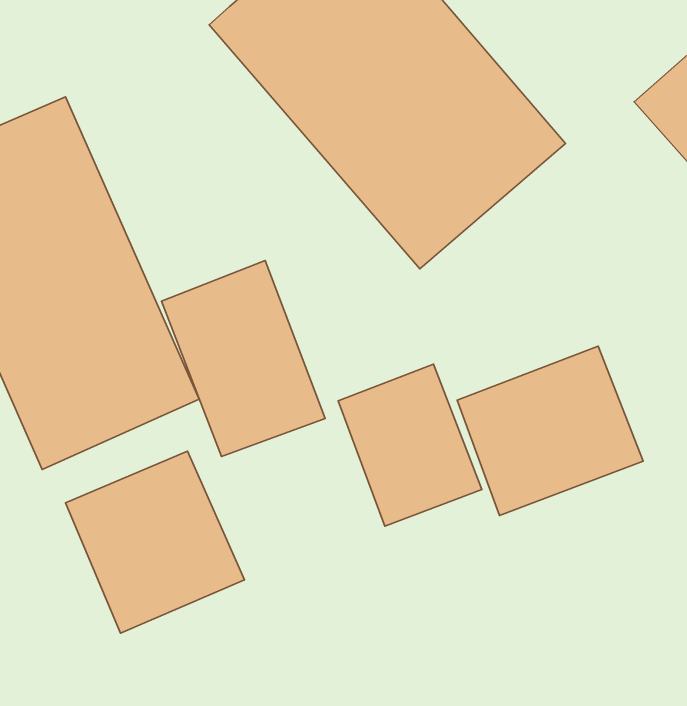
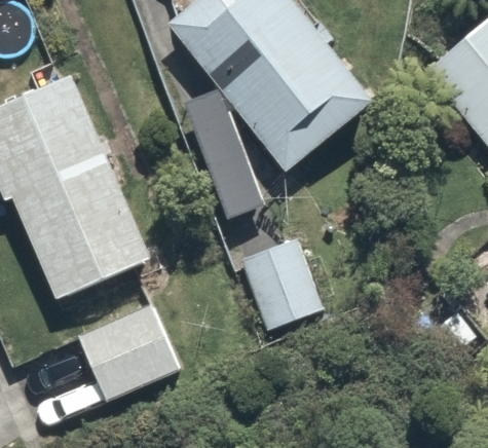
building: [162,260,325,457] -> none
building: [457,346,643,515] -> none

